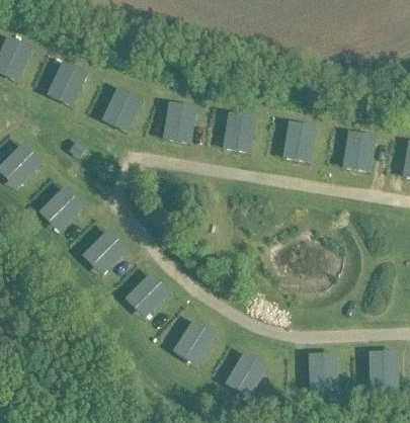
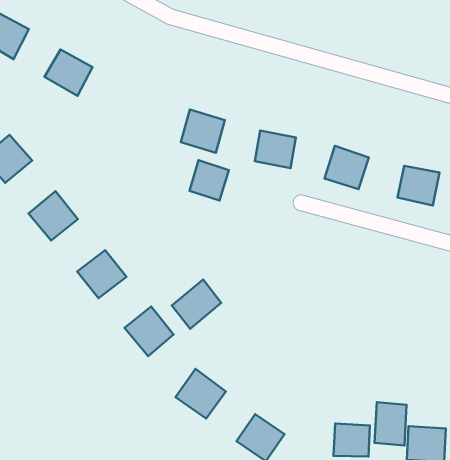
building: [101,93,140,131] -> none
building: none -> [189,160,229,201]
building: none -> [172,279,221,329]
building: none -> [374,402,407,446]

